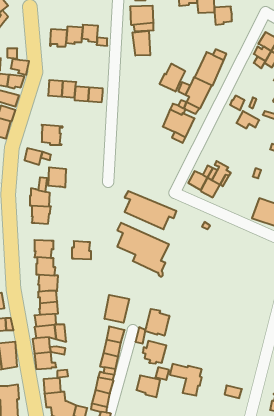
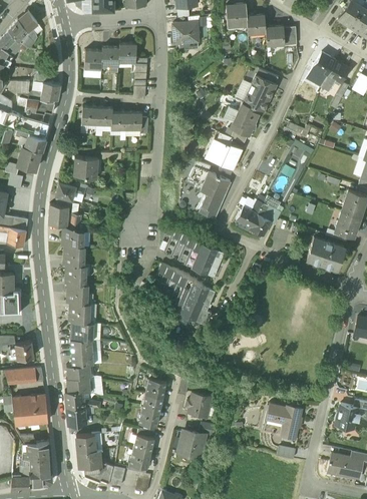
building: [133,31,150,56] -> none
building: [160,64,185,92] -> none
building: none -> [197,171,231,216]
building: [48,167,66,187] -> [49,204,69,226]
building: [72,241,91,259] -> [65,264,86,284]
building: [105,295,129,323] -> none
building: [145,309,169,336] -> none
building: [170,364,202,396] -> [267,402,302,437]

